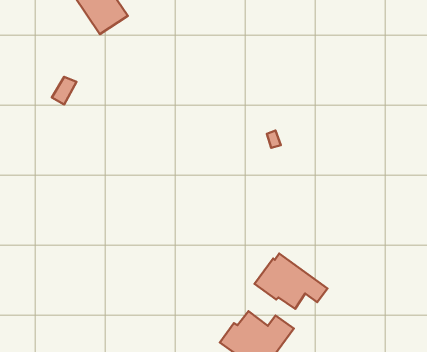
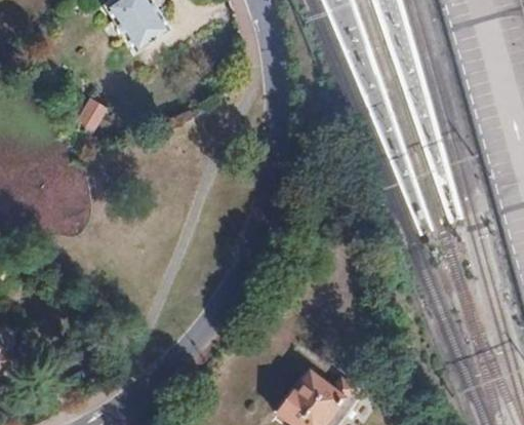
building: [254,254,327,309] -> none

